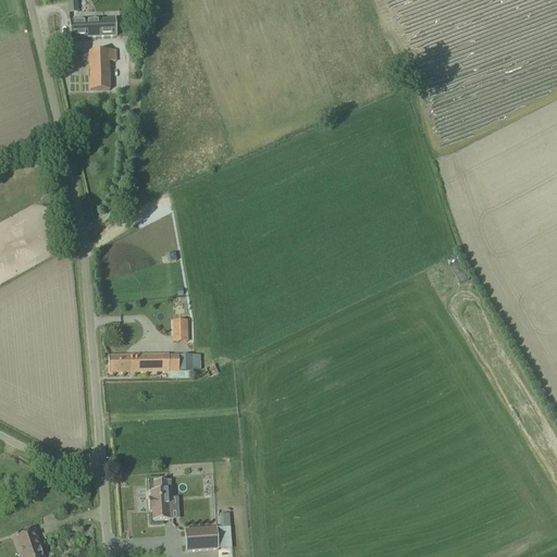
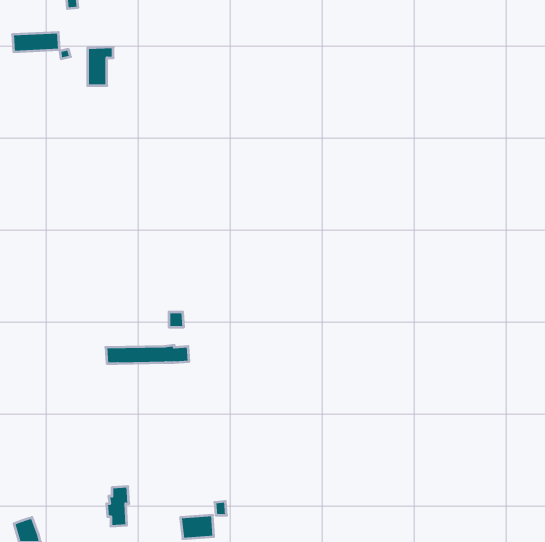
building: [70,15,117,35] -> [12,32,59,52]
building: [149,478,172,518] -> [107,487,129,526]

